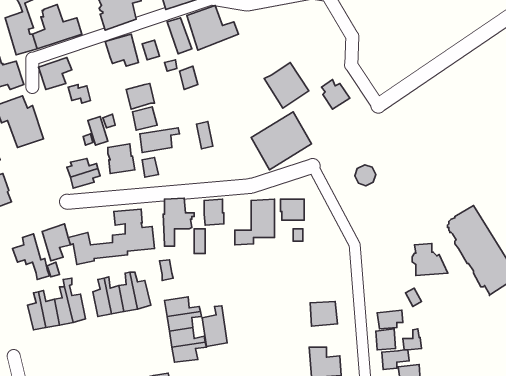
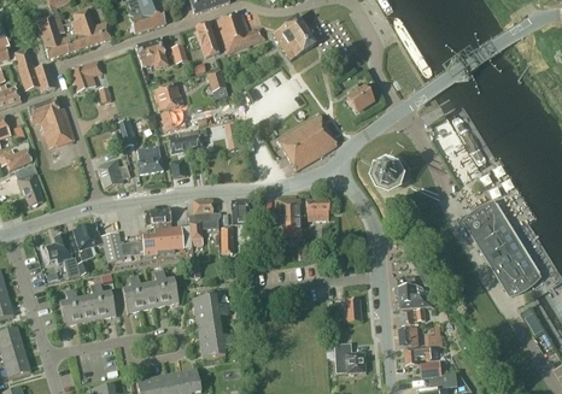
building: [264,63,309,108] -> [271,16,315,60]
building: [412,243,448,275] -> [397,276,432,307]
building: [202,306,227,347] -> none

